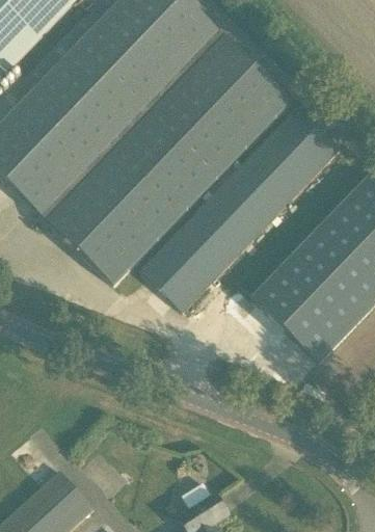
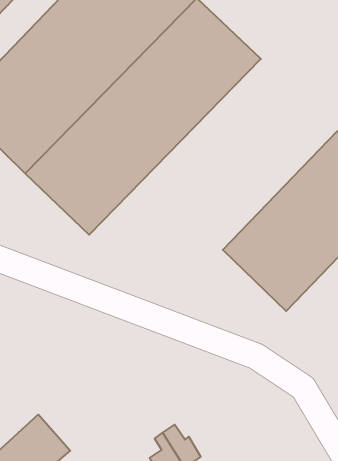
building: [141,106,341,310] -> none

